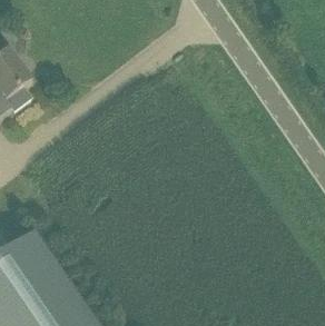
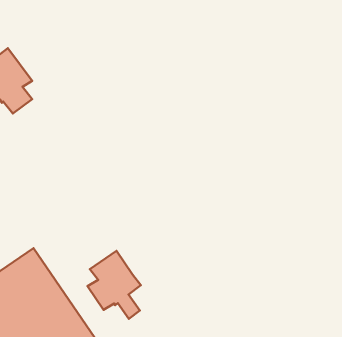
building: none -> [88,251,141,319]

